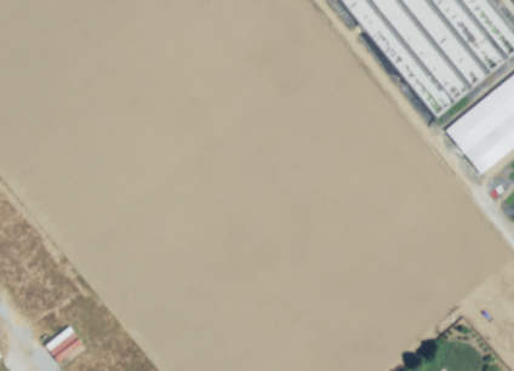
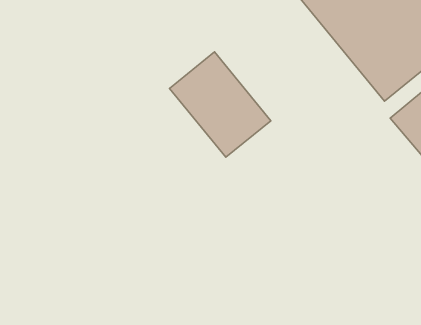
building: none -> [169,52,271,157]

